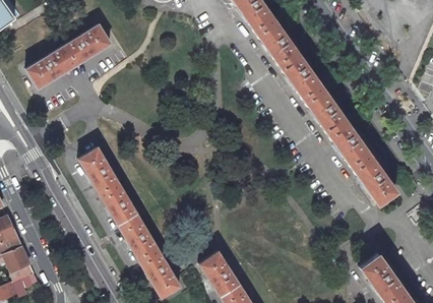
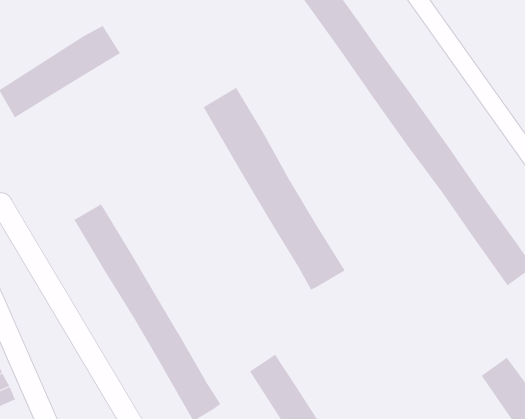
building: none -> [203,87,345,290]

